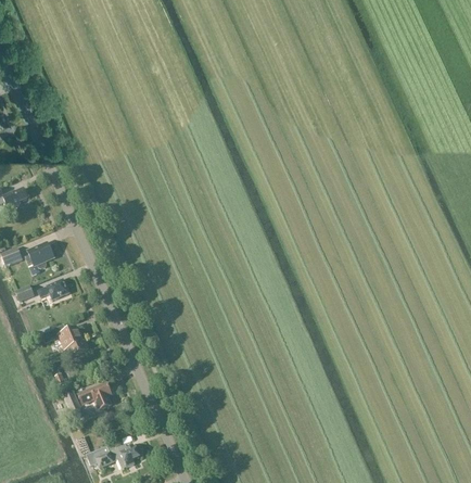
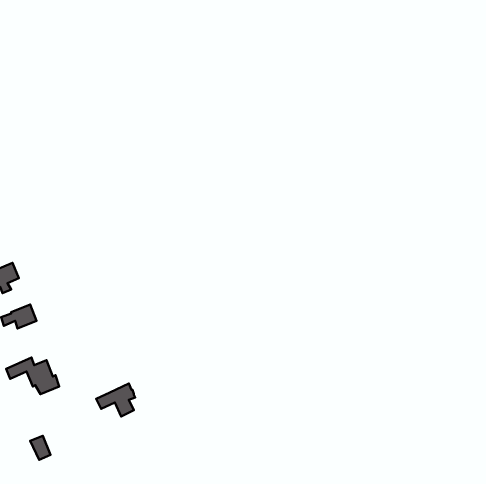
building: [78,383,112,411] -> [96,384,135,416]

